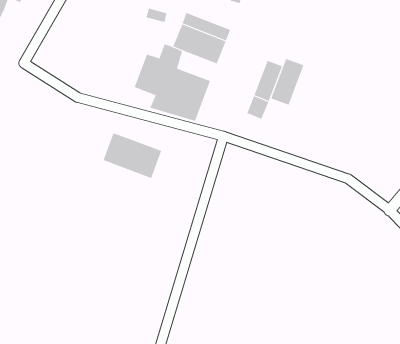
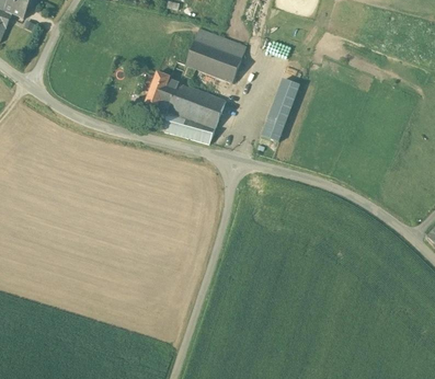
building: [270,58,304,105] -> none
building: [103,132,162,179] -> none

